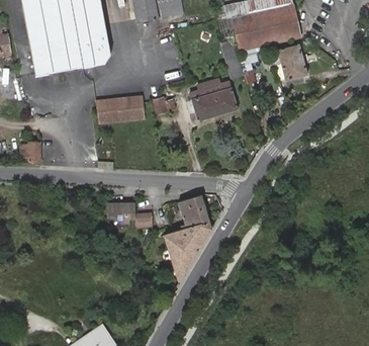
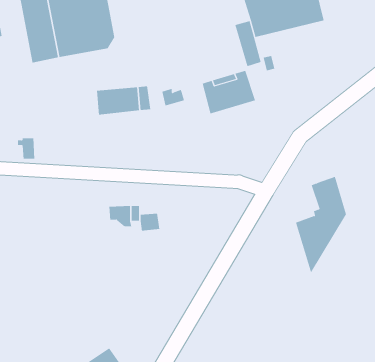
building: [277,44,307,80] -> none
building: [164,194,210,282] -> [295,176,347,274]

